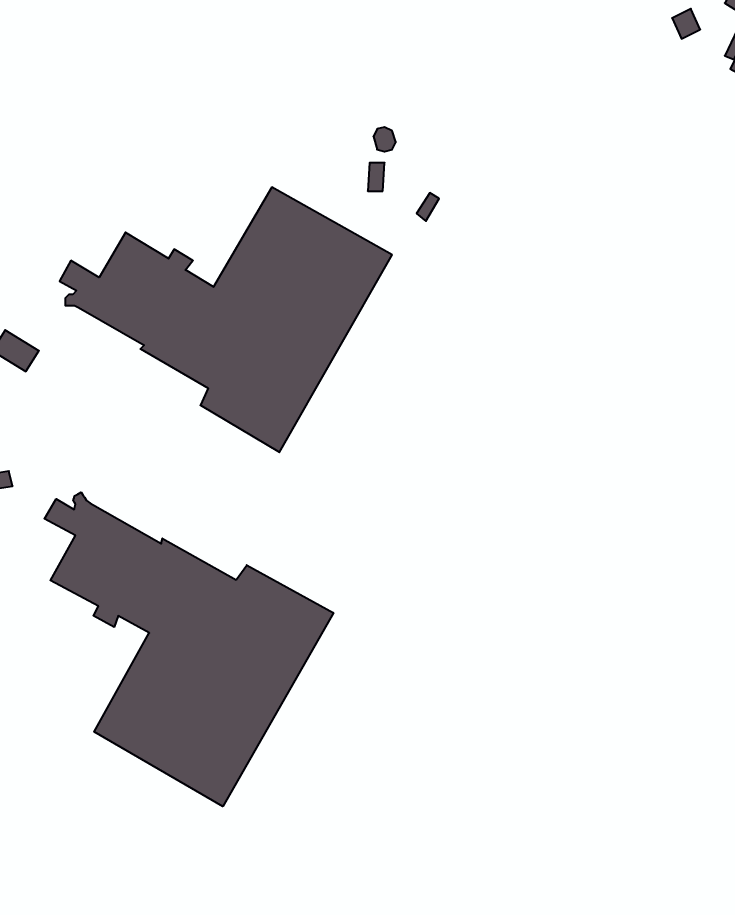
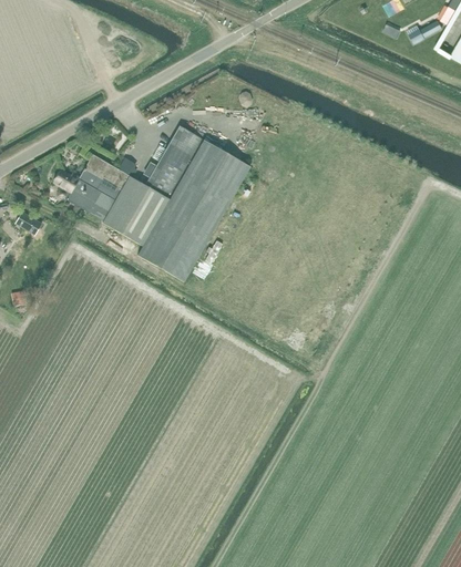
building: [44,492,333,806] -> none

